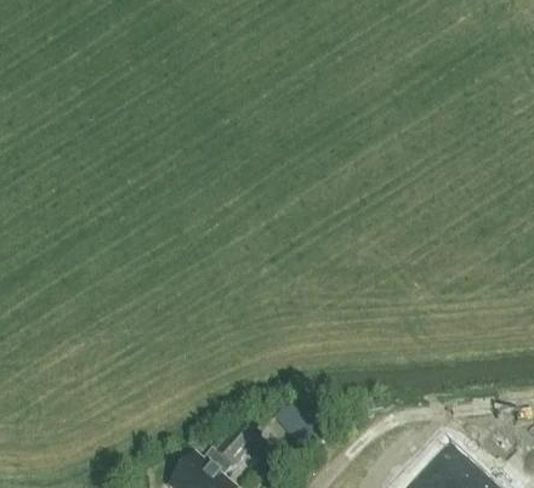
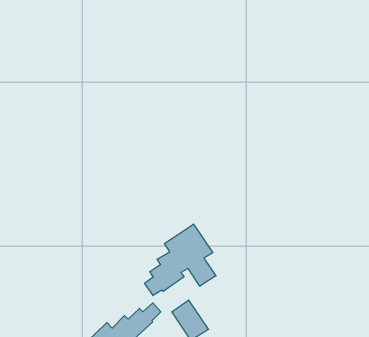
building: none -> [145,224,216,296]

